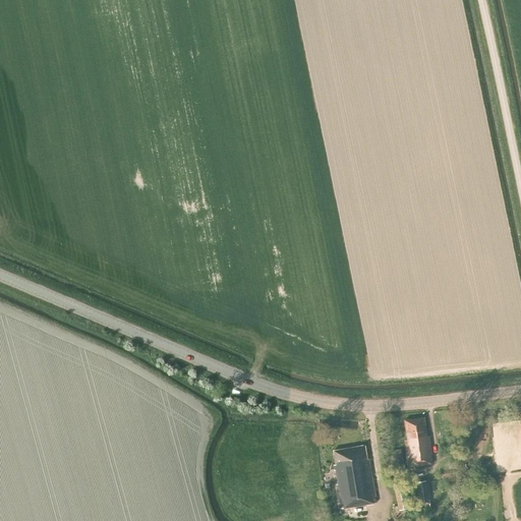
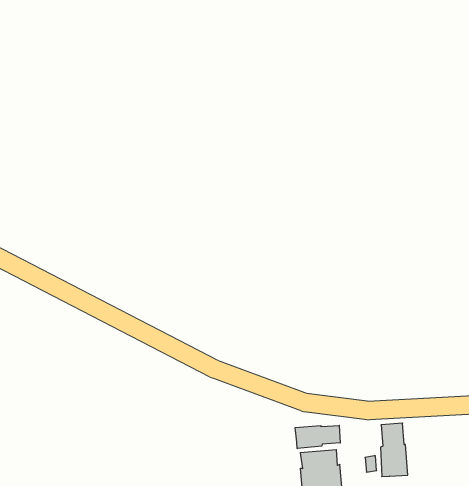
building: none -> [295,425,340,449]

